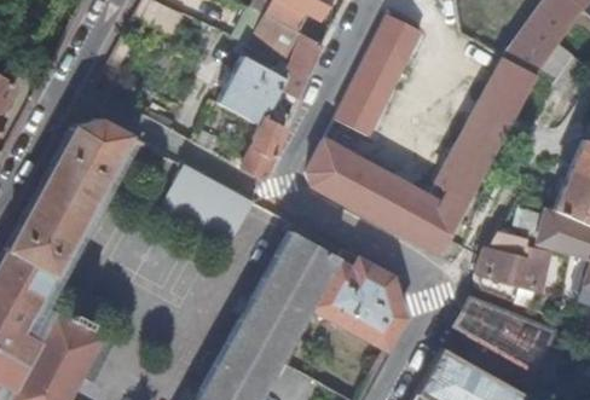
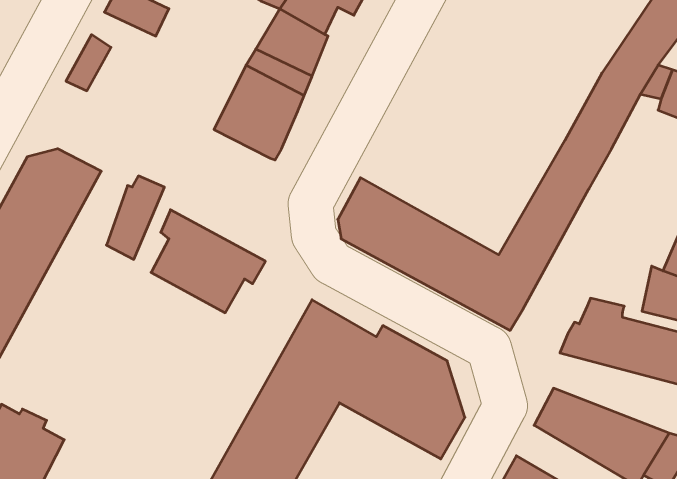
building: [337,15,421,134] -> none
building: [279,33,324,100] -> none
building: [243,117,287,180] -> [106,176,164,259]

